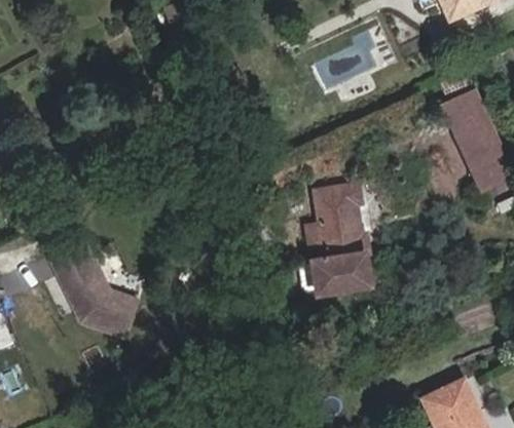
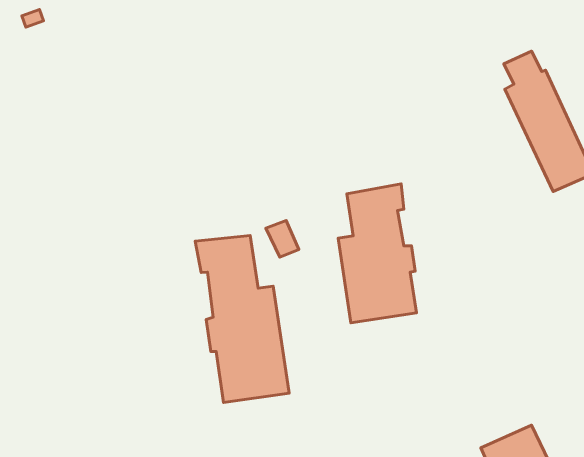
building: none -> [195,235,289,402]
building: [49,240,146,348] -> none

